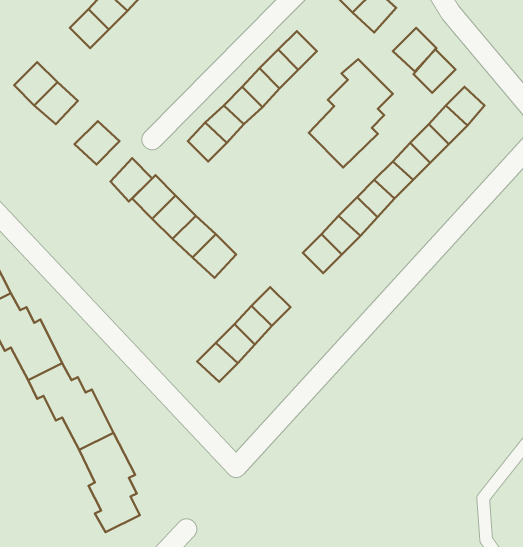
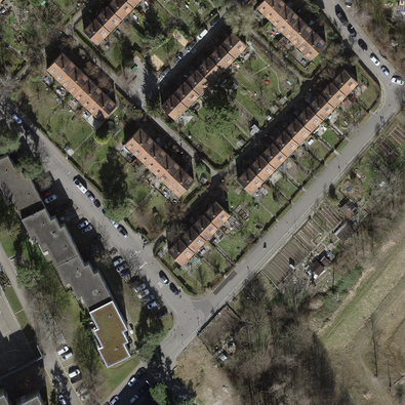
building: [414,49,456,93] -> [284,17,312,46]
building: [309,59,393,167] -> none
building: [110,158,152,202] -> [74,79,102,108]

